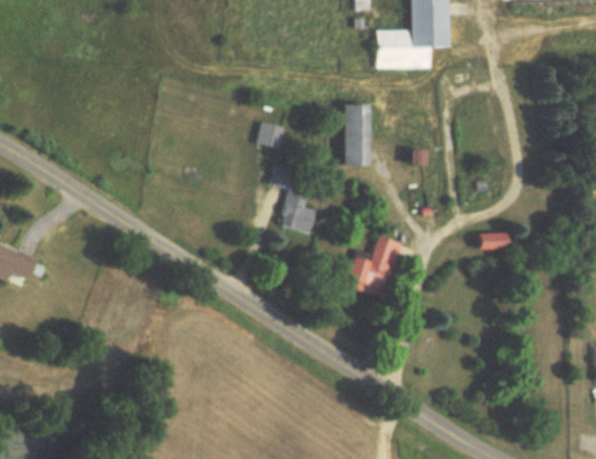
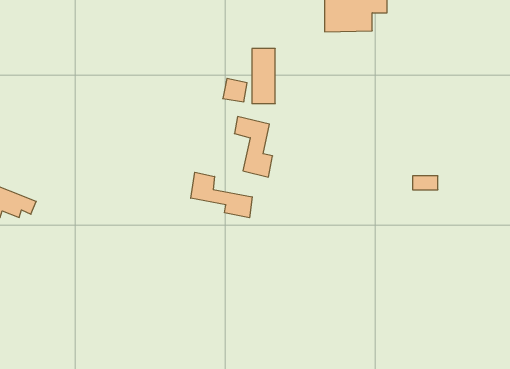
building: [340,103,367,166] -> [252,49,275,104]
building: none -> [191,172,252,218]
building: [344,235,402,296] -> none

